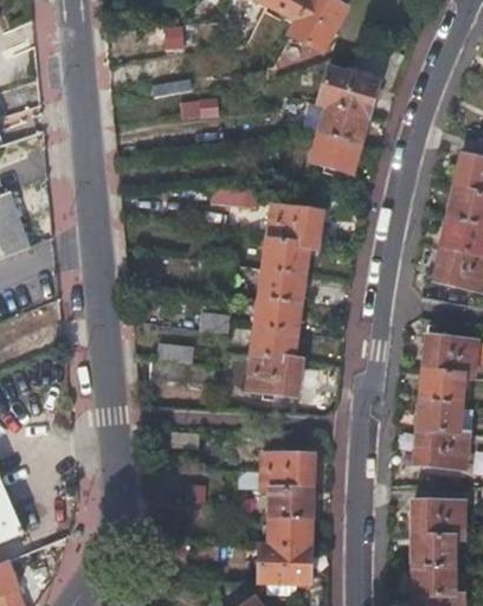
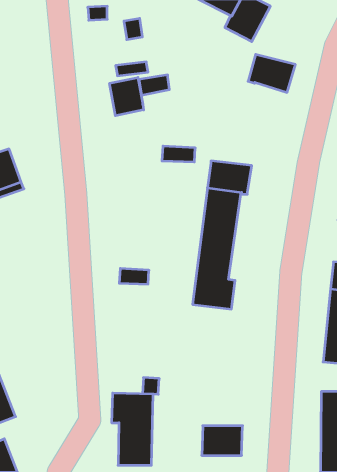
building: none -> [110,77,144,116]
building: [310,105,368,173] -> none
building: [260,452,314,544] -> [112,393,153,465]

